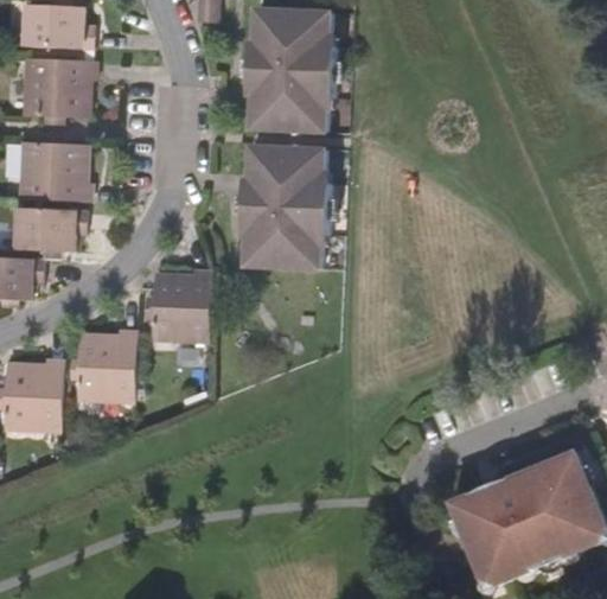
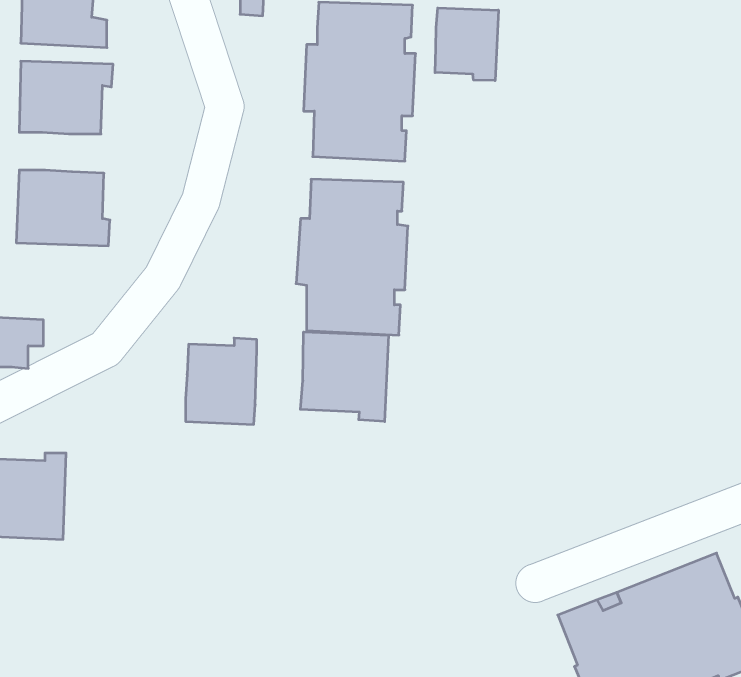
building: none -> [435,8,498,81]
building: [18,206,87,249] -> none
building: none -> [300,332,388,422]
building: [77,334,134,404] -> none

